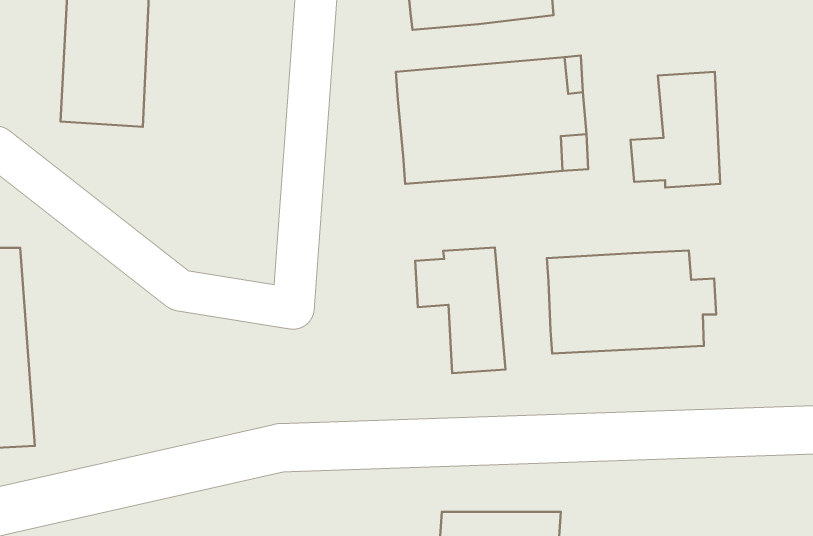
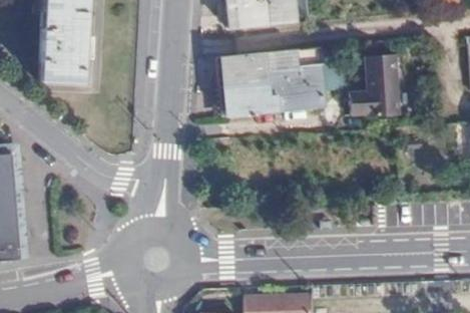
building: [415,247,505,373] -> none
building: [547,250,716,353] -> none

